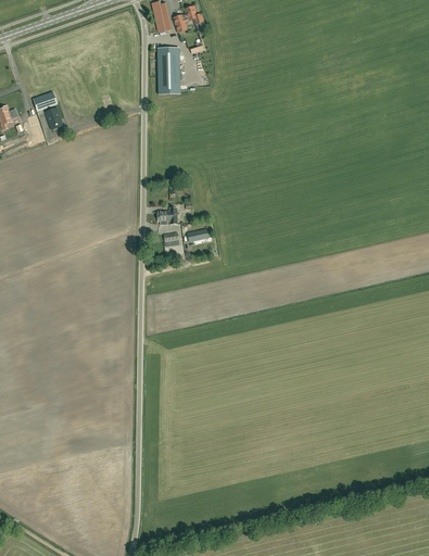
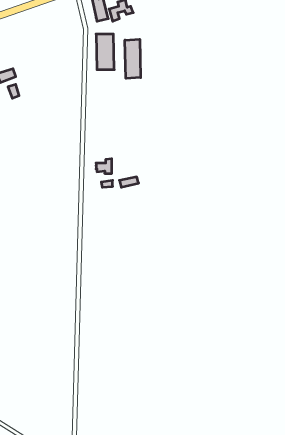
building: none -> [125,39,141,78]

